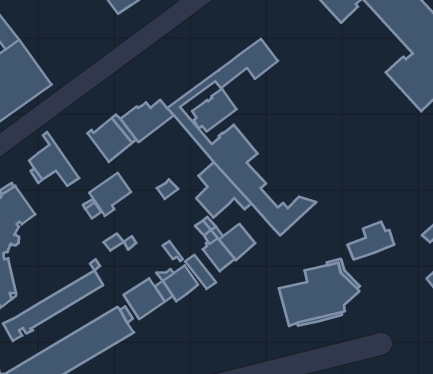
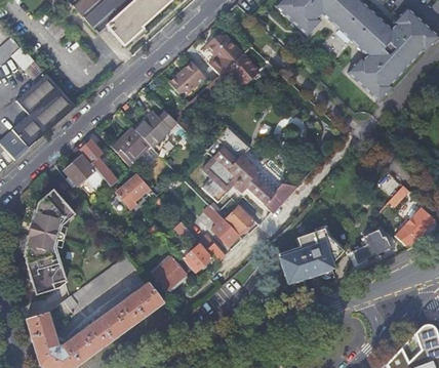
building: none -> [207,33,244,74]
building: [192,89,237,131] -> [170,60,206,96]
building: none -> [77,139,118,186]
building: [347,222,394,259] -> [353,229,391,261]

